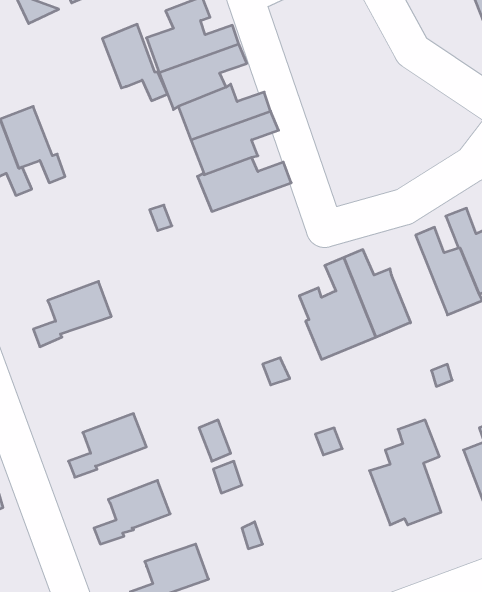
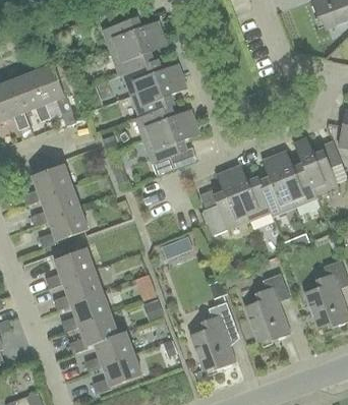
building: [102,24,168,101] -> [30,64,71,113]
building: none -> [143,122,198,175]
building: none -> [258,156,294,216]
building: none -> [22,164,71,205]
building: none -> [38,208,88,248]
building: none -> [45,247,94,289]
building: none -> [60,291,109,332]
building: none -> [190,302,236,370]
building: none -> [84,331,133,372]

